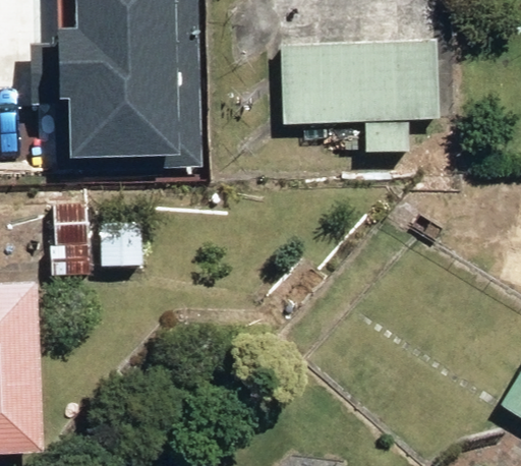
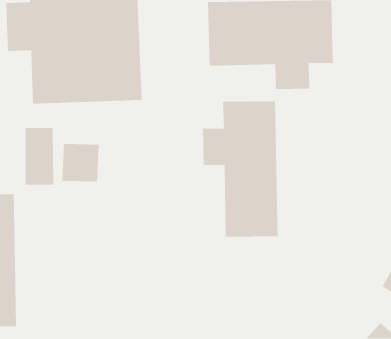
building: none -> [202,101,278,238]

